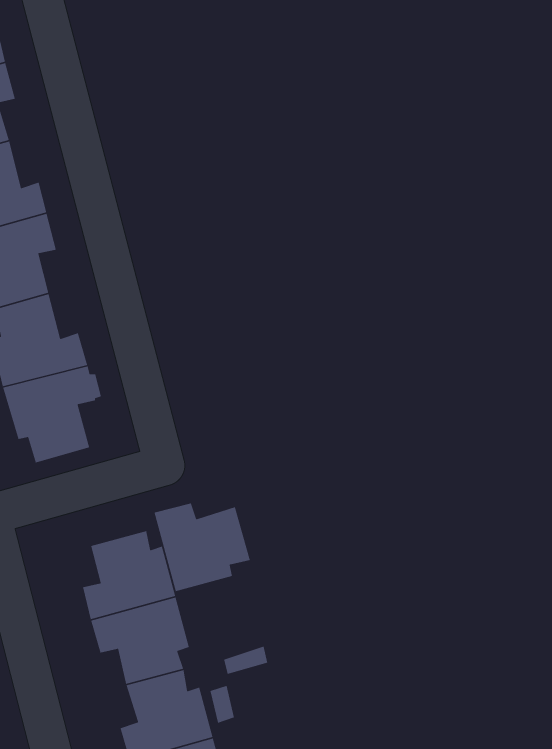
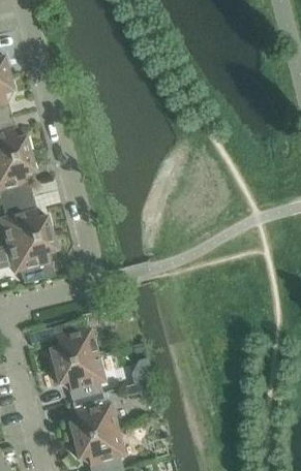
building: [153,503,251,592] -> none

